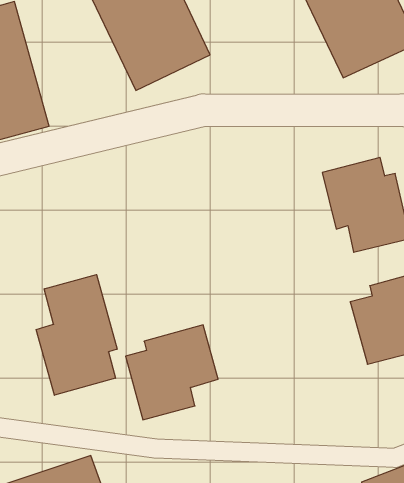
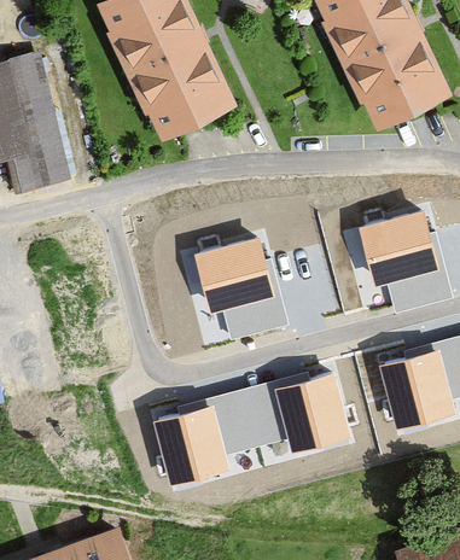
building: none -> [192,241,285,339]
building: [36,275,117,395] -> none
building: none -> [232,373,338,457]

